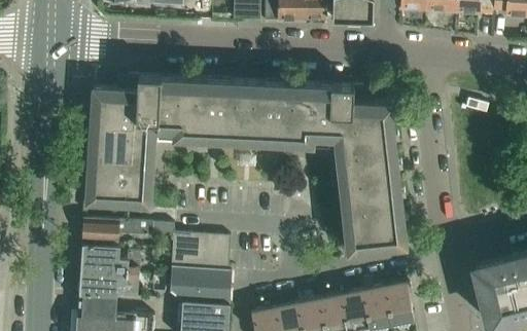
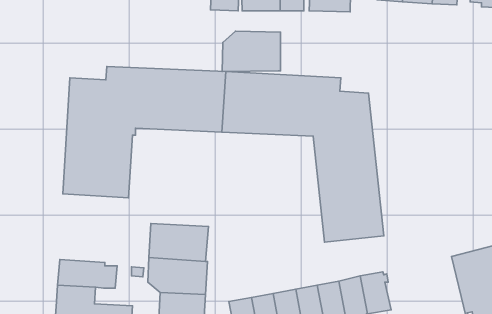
building: none -> [222,31,280,71]
building: [82,218,152,242] -> none
building: [81,245,140,274] -> none

